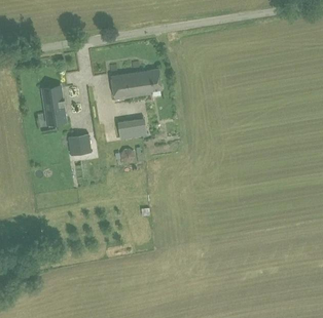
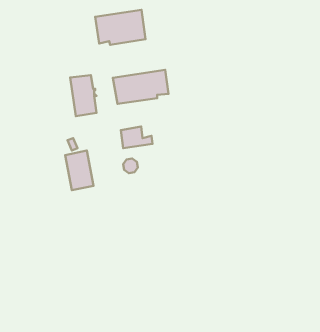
building: none -> [95,10,145,45]
building: [42,86,66,123] -> [70,75,96,116]

